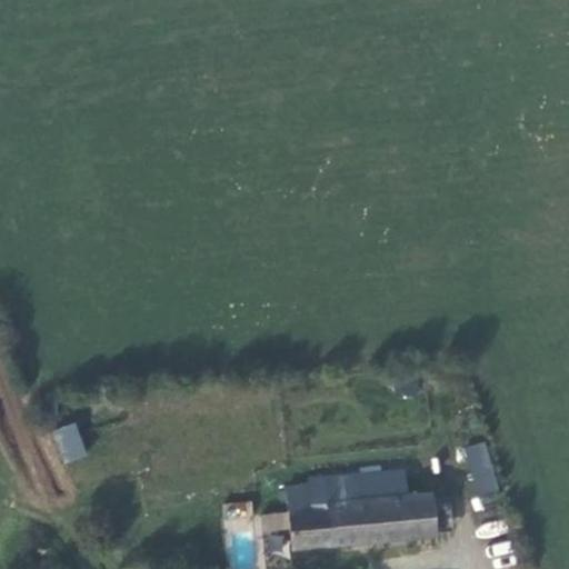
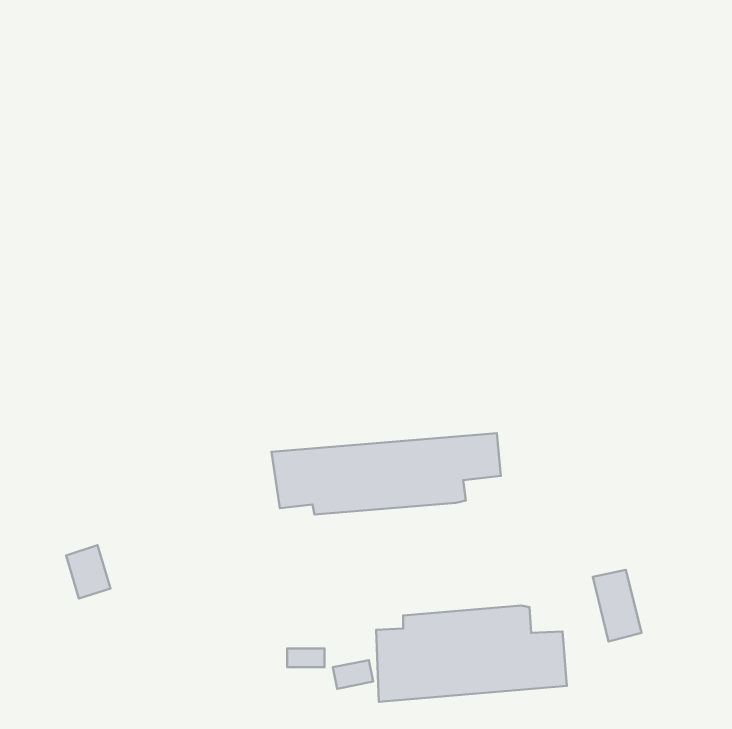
building: none -> [271,433,501,515]

